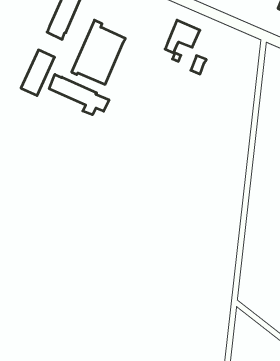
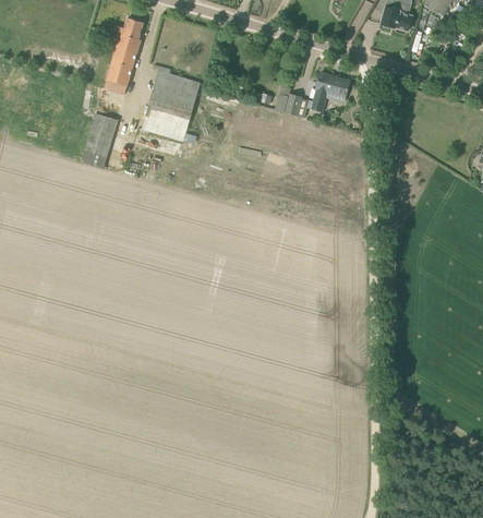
building: [165,20,200,53] -> [311,72,350,112]
building: [49,74,109,115] -> none

